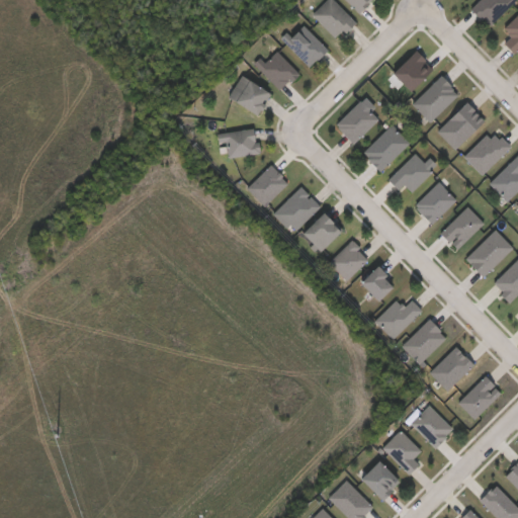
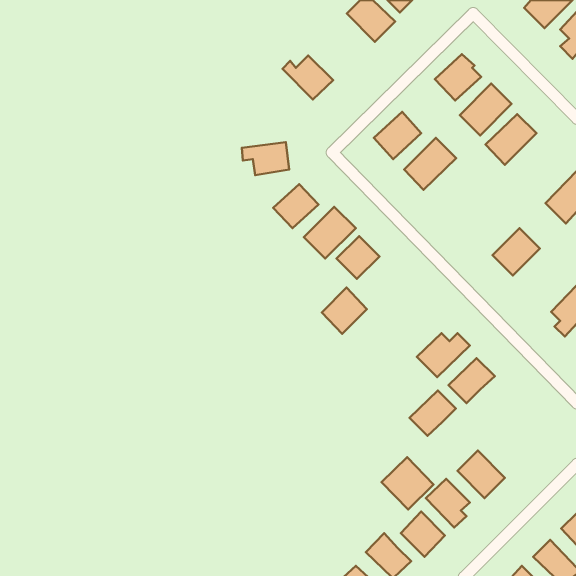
building: [284,22,328,67] -> none
building: [228,75,270,115] -> none
building: [463,135,510,174] -> none
building: [388,153,437,192] -> none
building: [414,182,456,225] -> none
building: [470,230,513,272] -> none
building: [329,240,369,281] -> [322,288,367,334]
building: [359,265,392,301] -> none
building: [428,349,469,390] -> [409,391,456,436]
building: [458,377,500,418] -> none
building: none -> [382,457,434,510]

